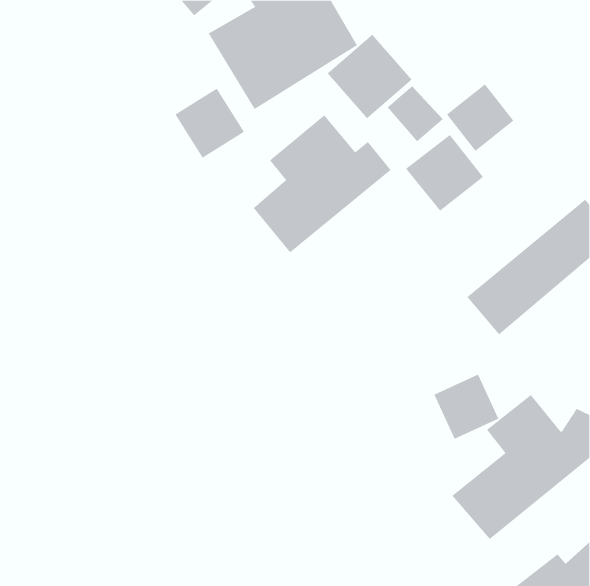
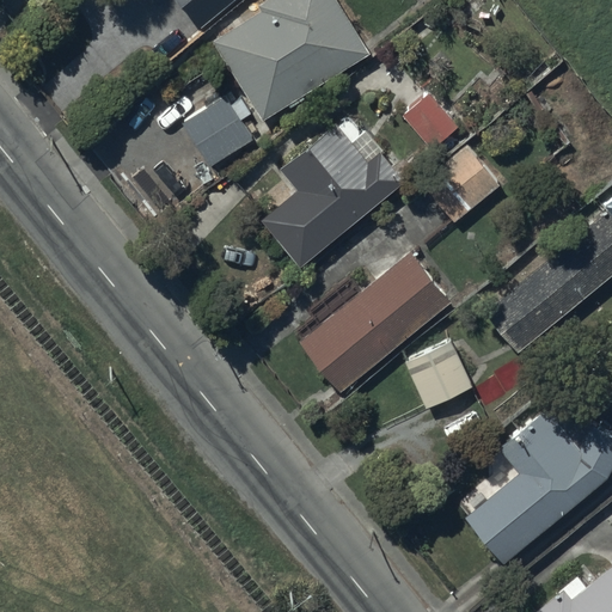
building: [327,34,412,119] -> none
building: [446,83,514,152] -> none
building: none -> [299,253,451,393]
building: [433,374,499,440] -> [405,347,473,415]

